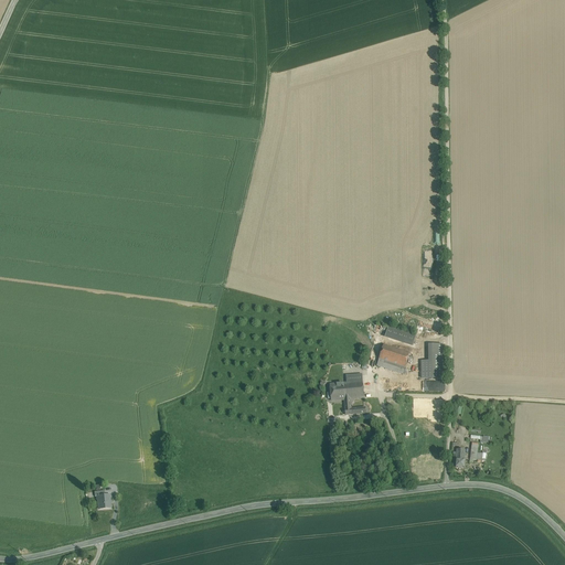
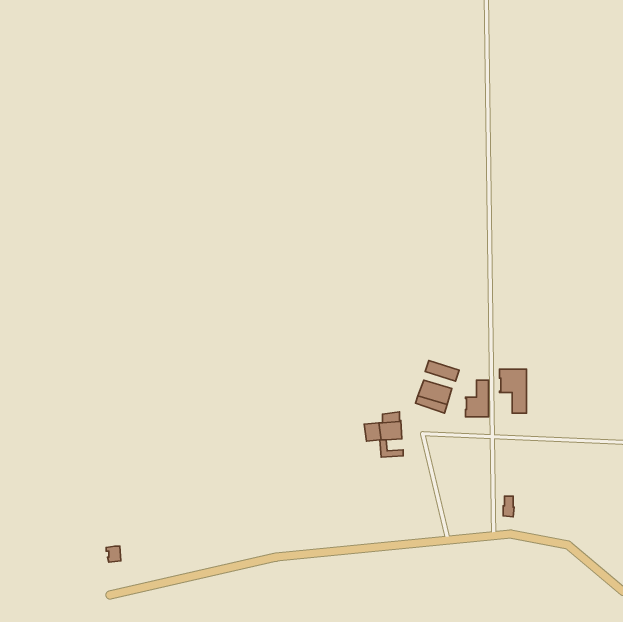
building: none -> [499,369,526,413]

